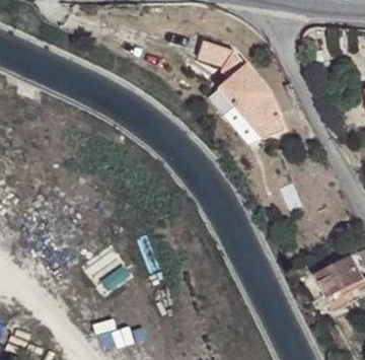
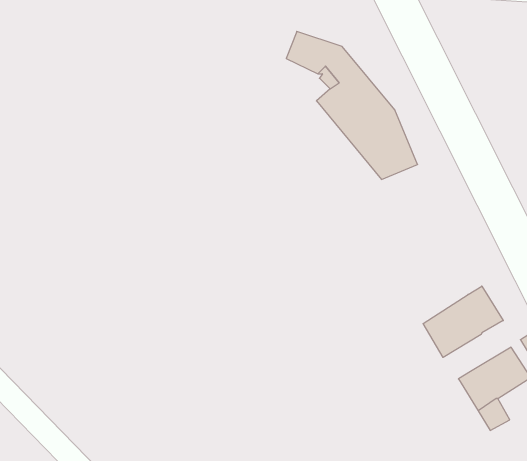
building: none -> [423,286,503,357]

